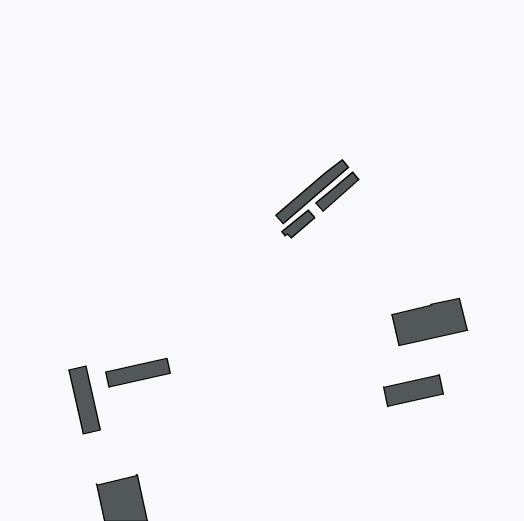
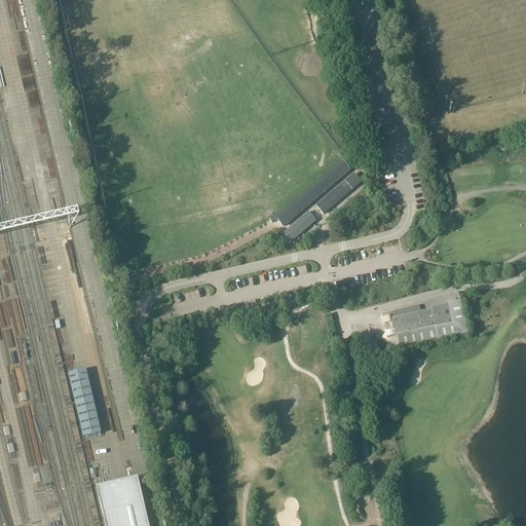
building: [106,358,170,387] -> none
building: [384,375,443,407] -> none

